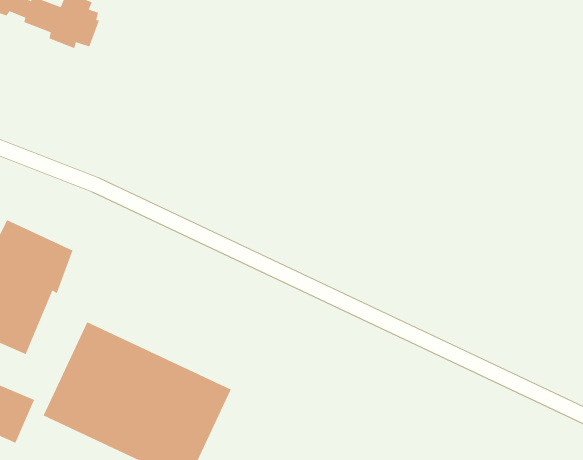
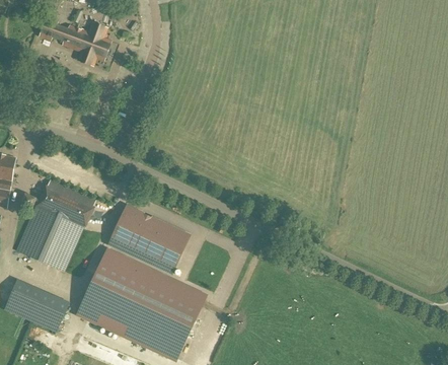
building: none -> [108,206,190,273]

